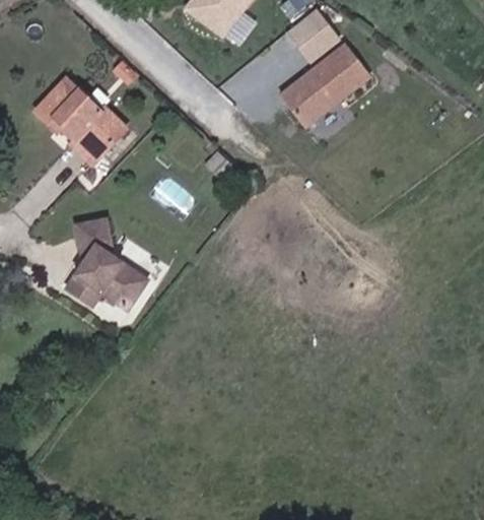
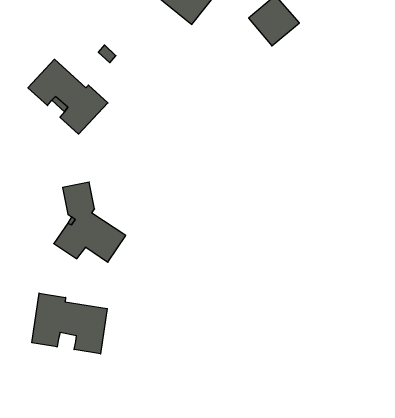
building: [278,39,372,129] -> none
building: none -> [32,293,107,354]

